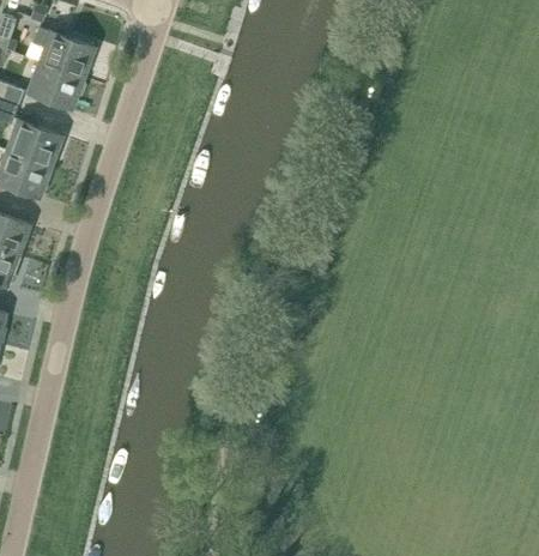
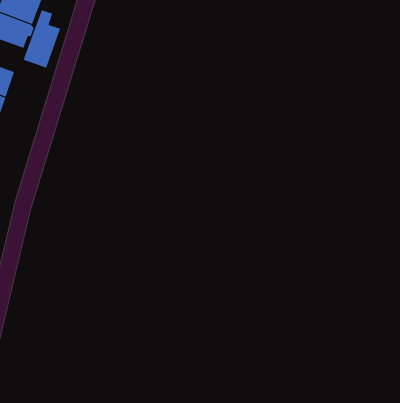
building: none -> [23,9,61,69]

